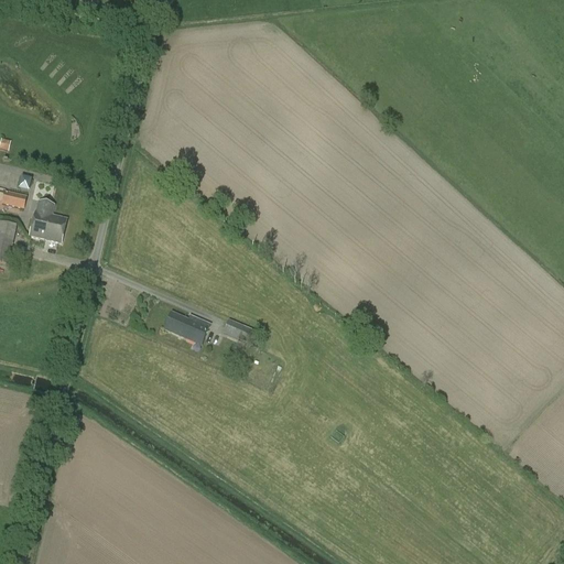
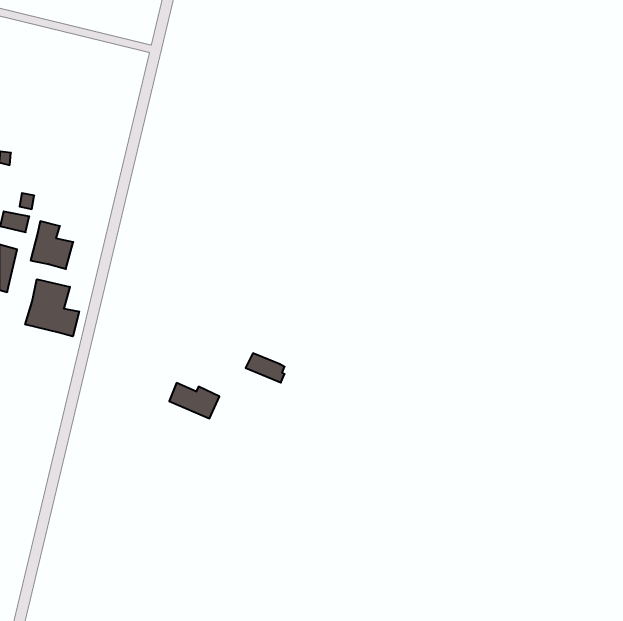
building: none -> [25,279,79,336]
building: [163,312,208,344] -> [169,383,219,418]

